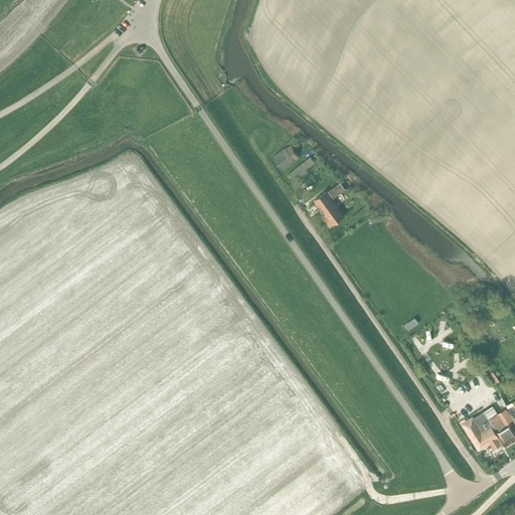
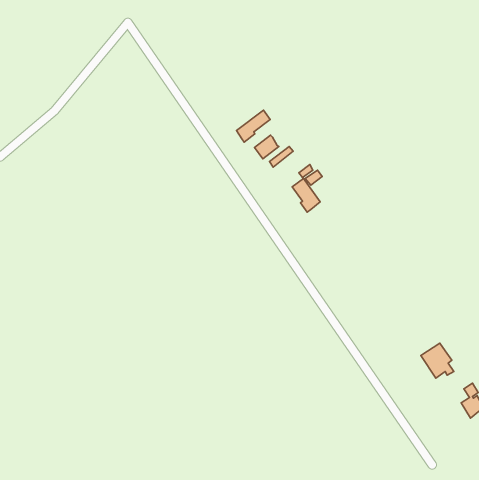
building: none -> [237,110,270,142]
building: [464,411,499,449] -> [421,343,454,378]

